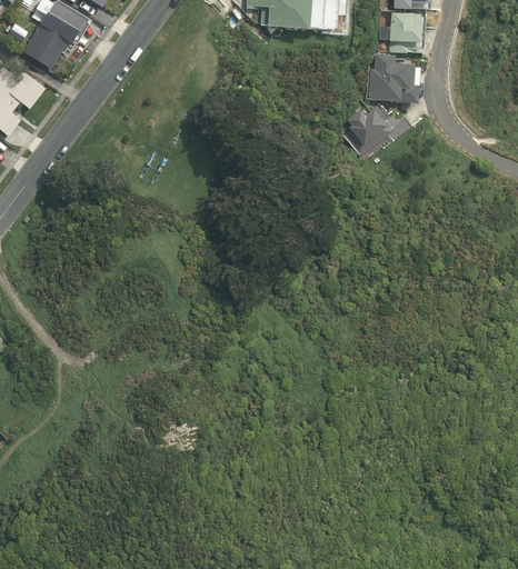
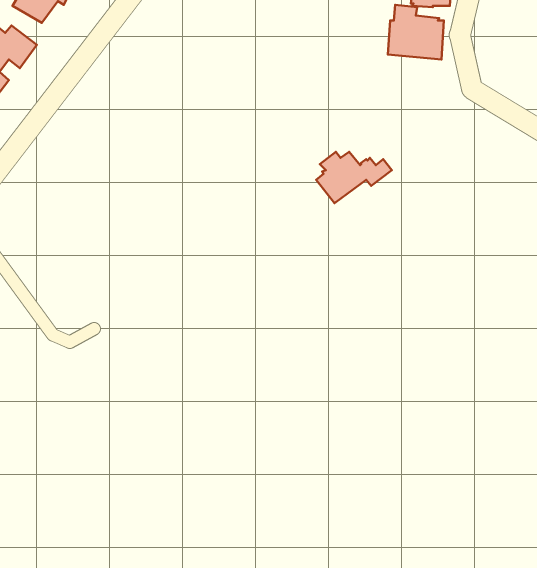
building: [342,109,411,156] -> [316,152,392,203]

